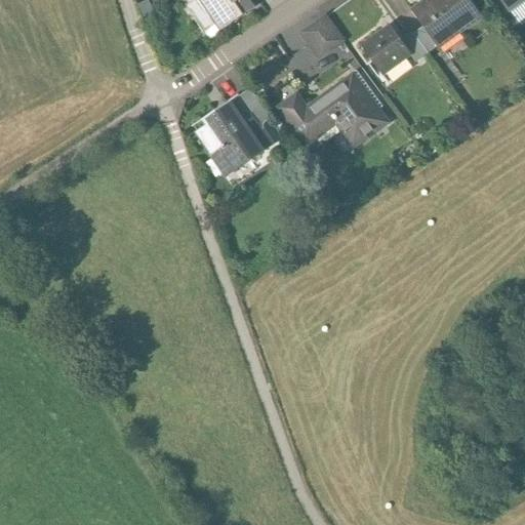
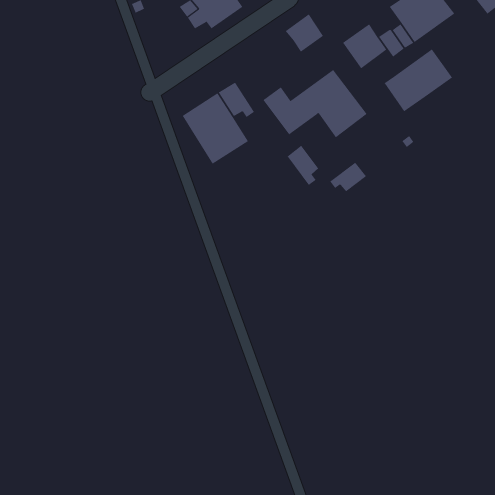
building: none -> [384,48,453,112]
building: none -> [287,145,319,186]
building: none -> [330,162,367,192]

